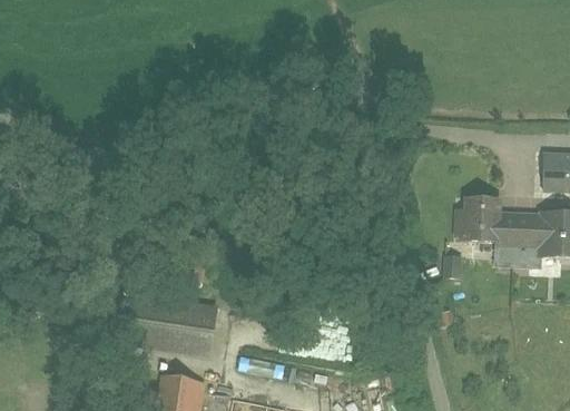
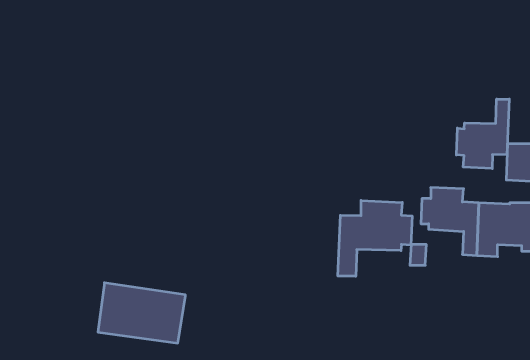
building: none -> [456,99,509,169]
building: none -> [338,200,412,276]

